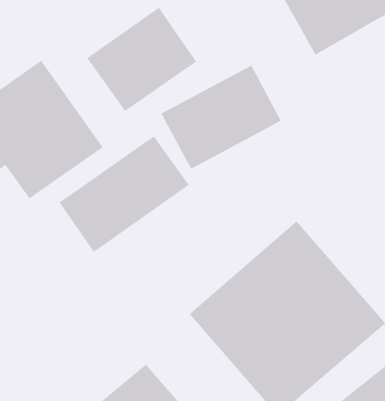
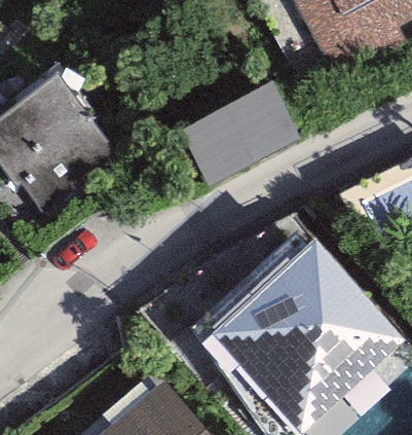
building: [87,7,197,112] -> none
building: [59,136,189,253] -> none

